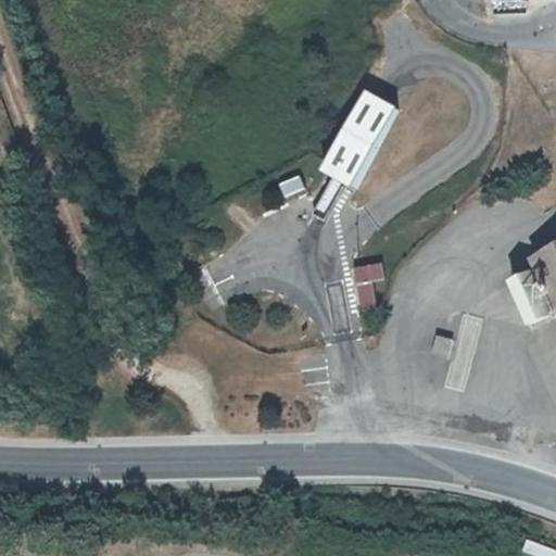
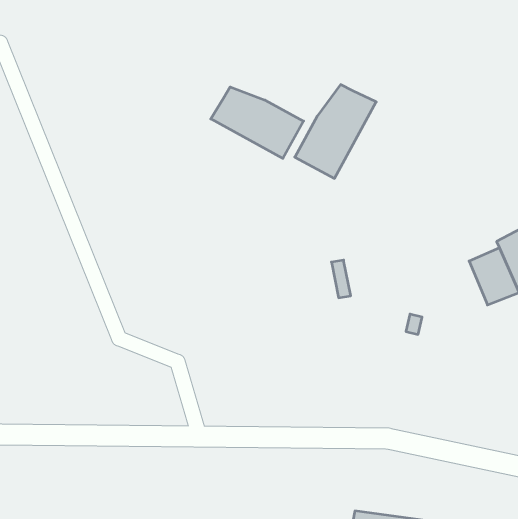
building: none -> [211,87,304,158]

